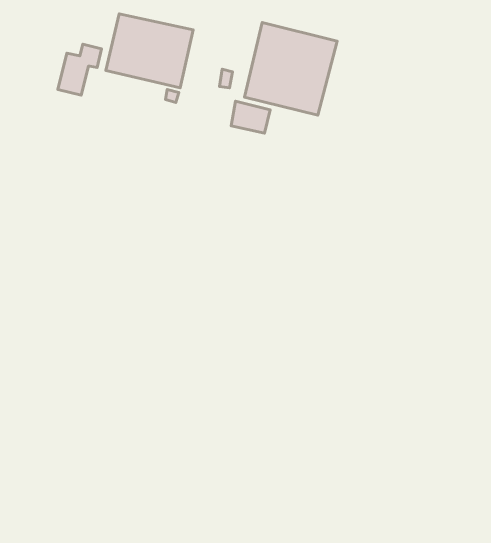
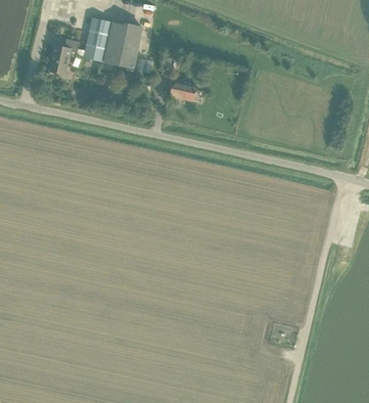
building: [245,22,337,115] -> none

